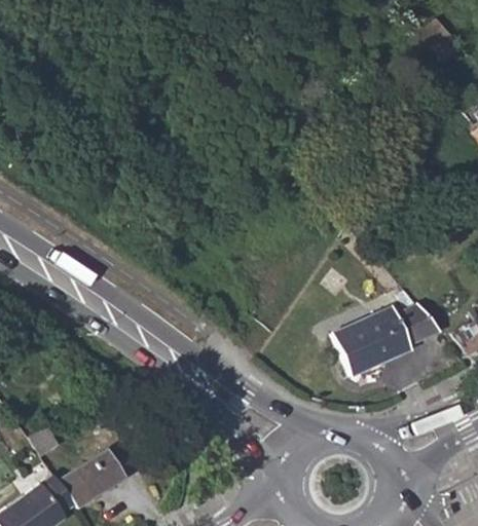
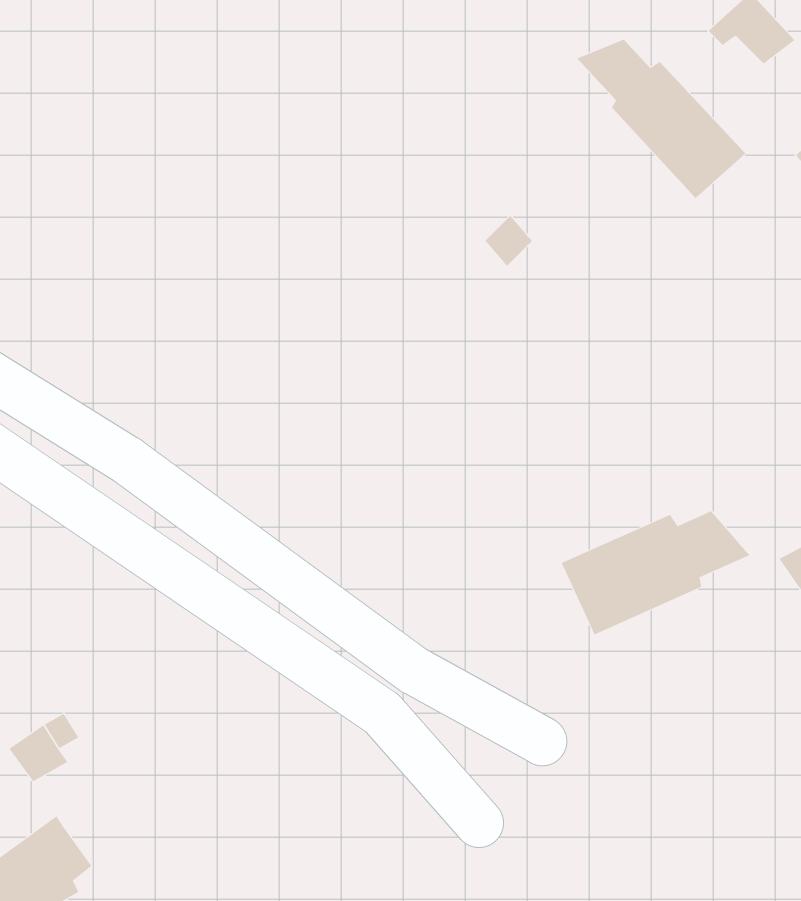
building: none -> [576,39,746,199]
building: [59,448,126,508] -> none

